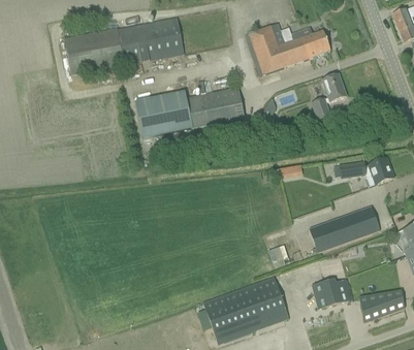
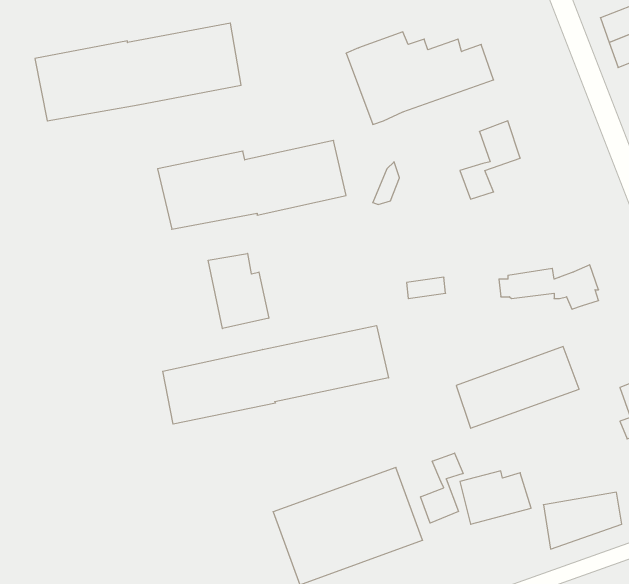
building: none -> [208,253,269,329]
building: none -> [163,326,389,424]
building: none -> [421,453,463,523]

